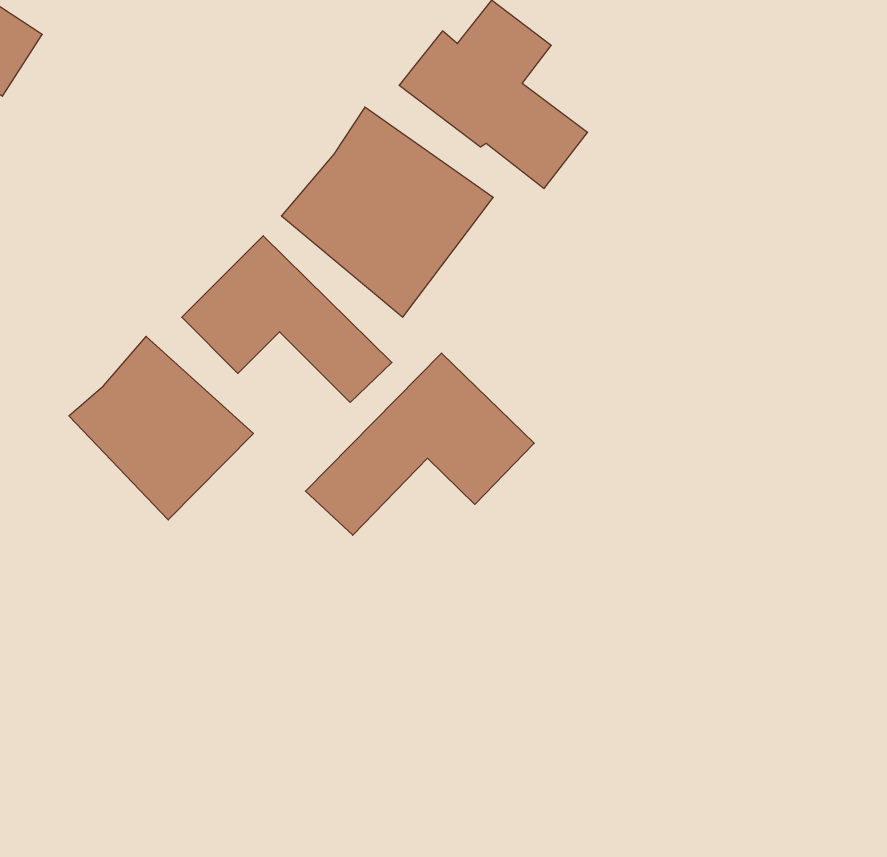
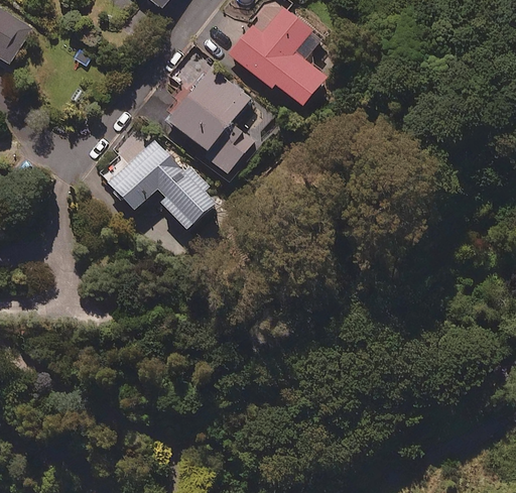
building: [69,336,253,520] -> none
building: [305,353,534,535] -> none

